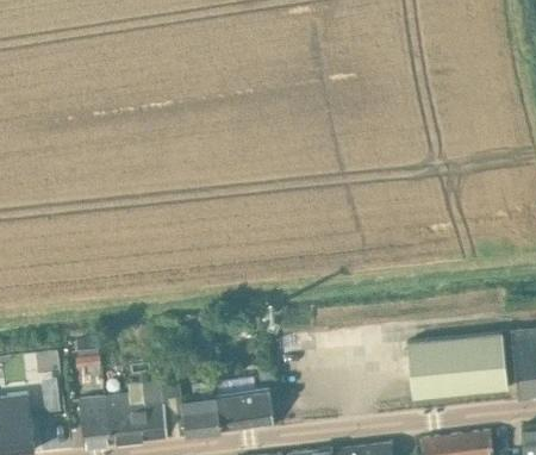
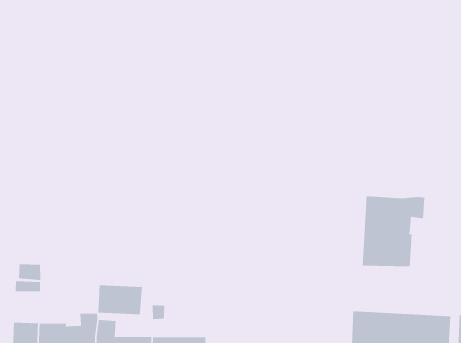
building: none -> [362,196,425,267]
building: none -> [98,285,142,315]

